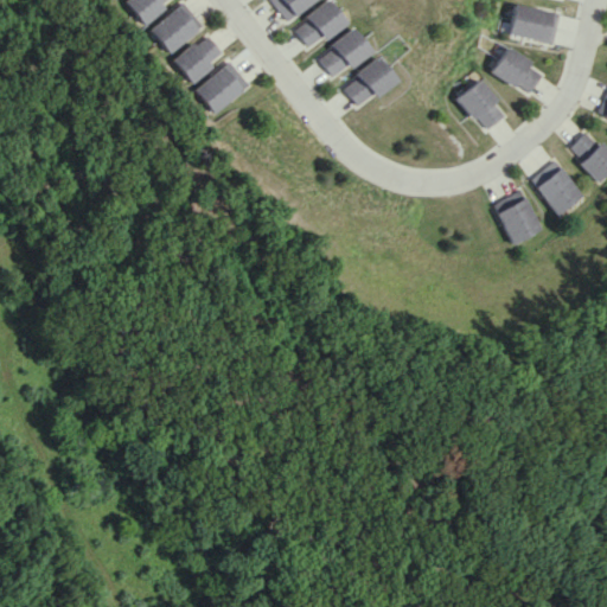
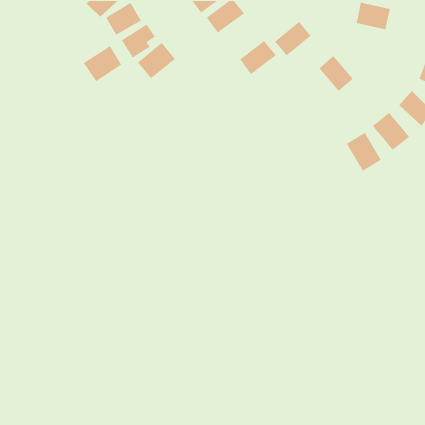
building: [318,28,371,79] -> [274,21,312,57]
building: [488,47,541,95] -> none
building: none -> [83,45,122,82]

